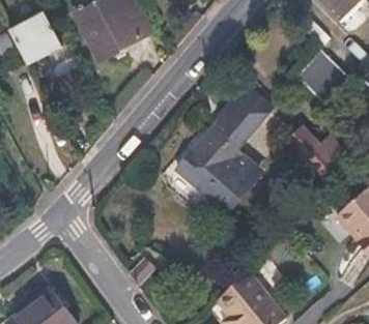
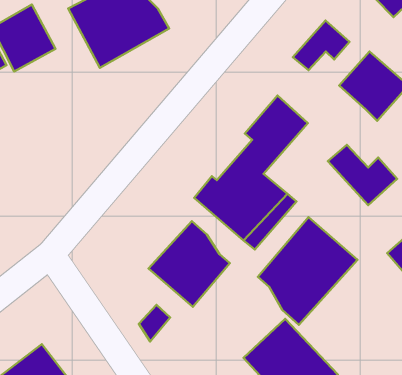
building: none -> [293,20,349,70]
building: none -> [258,217,358,325]
building: none -> [148,221,230,307]

